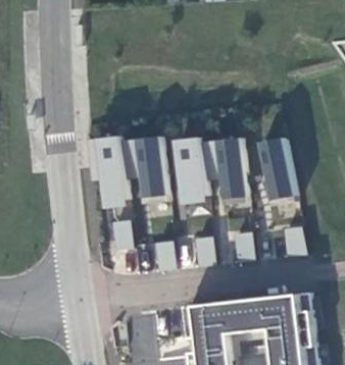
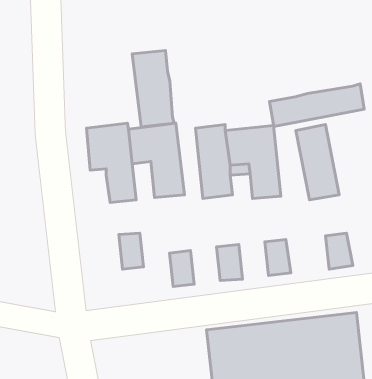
building: none -> [132,51,174,127]
building: none -> [270,84,364,127]

